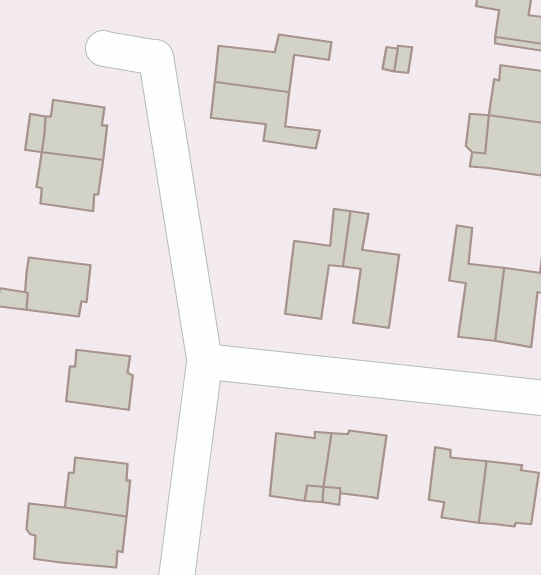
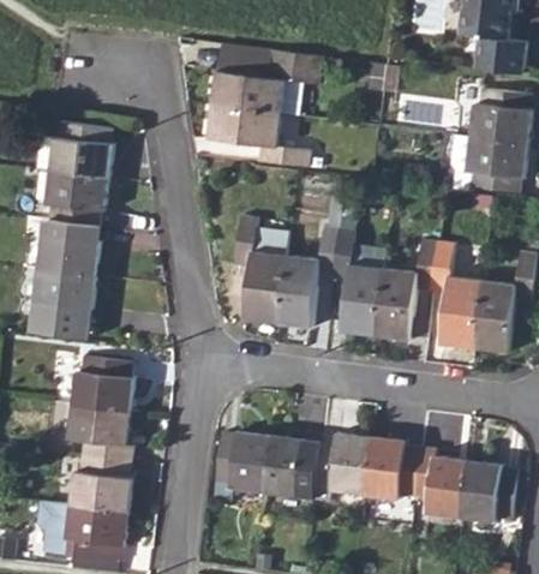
building: none -> [215,46,273,78]
building: none -> [233,215,289,323]
building: none -> [37,220,98,277]
building: none -> [375,238,438,340]
building: none -> [67,405,132,464]
building: none -> [215,430,269,494]
building: none -> [364,437,418,500]

